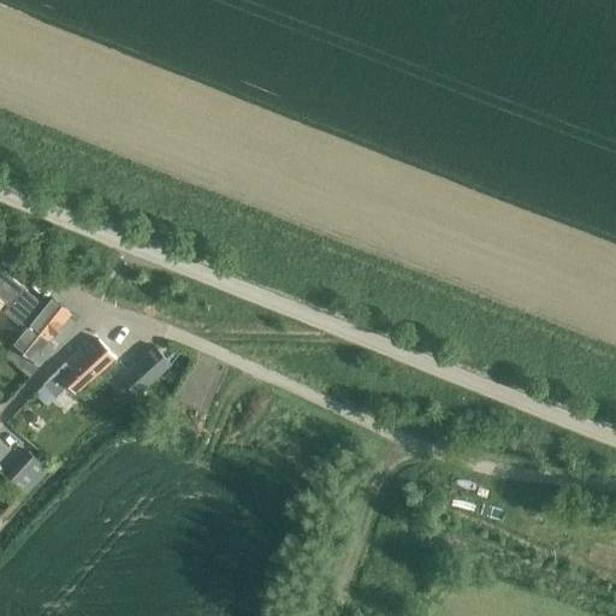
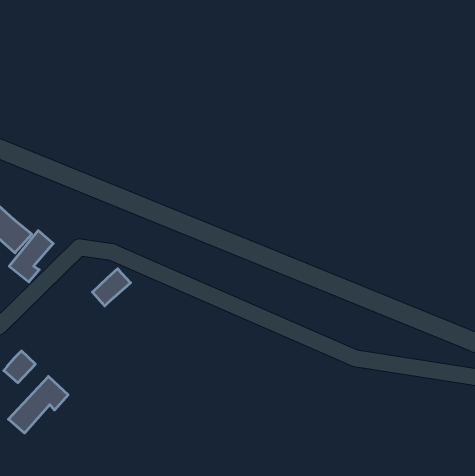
building: [40,340,114,398] -> none
building: none -> [8,376,68,433]

